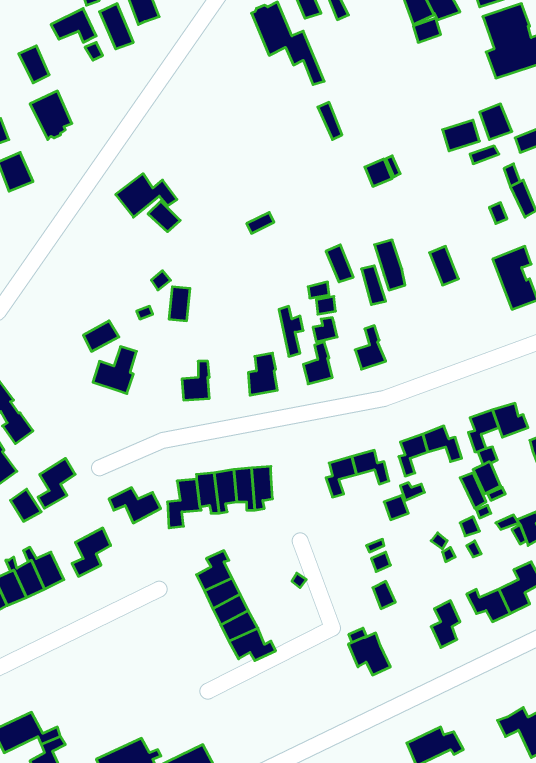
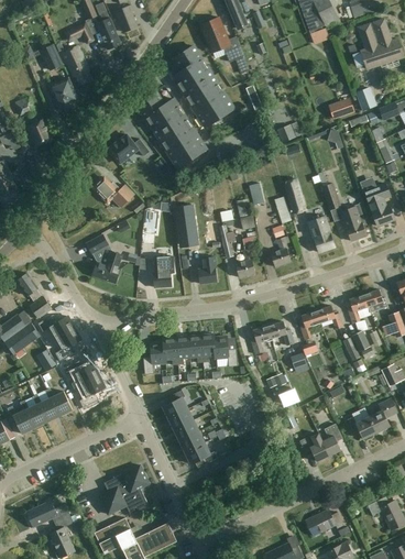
building: none -> [173,45,233,127]
building: none -> [63,47,90,85]
building: none -> [138,92,206,167]
building: none -> [94,176,134,207]
building: none -> [340,206,366,240]
building: none -> [175,207,198,250]
building: none -> [308,216,335,251]
building: none -> [37,314,74,338]
building: none -> [214,336,238,366]
building: [109,488,161,523] -> [64,360,99,384]
building: [348,633,390,675] -> [300,432,329,461]
building: none -> [99,464,149,514]

